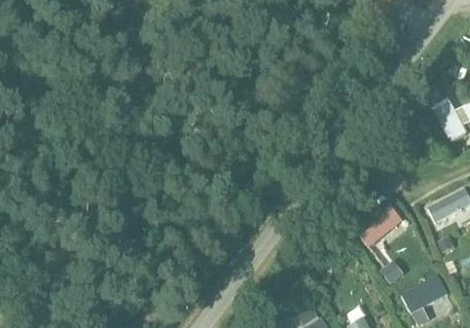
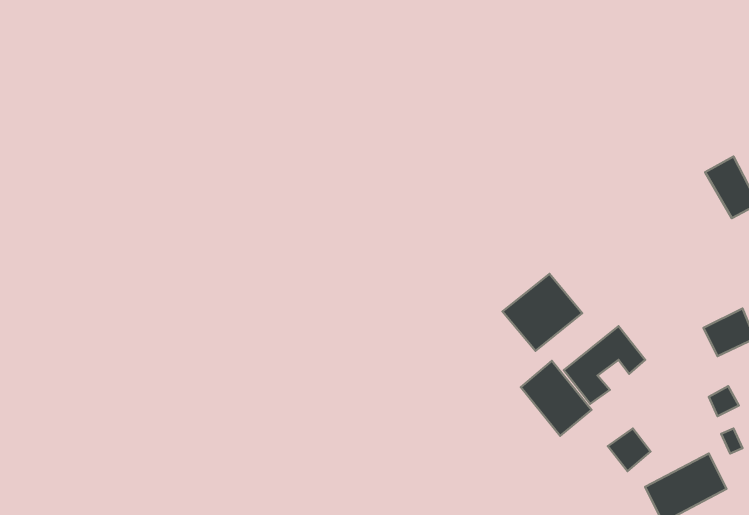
building: none -> [503,274,582,351]
building: none -> [521,361,591,436]

